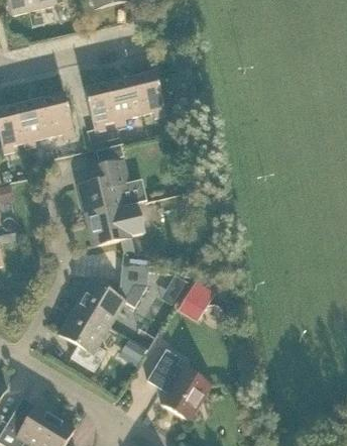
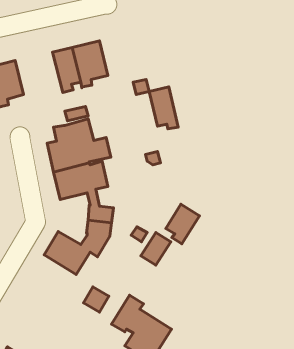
building: [134,70,165,115] -> [149,87,178,129]
building: [43,91,76,137] -> none
building: none -> [166,204,200,244]
building: [59,305,109,369] -> none

